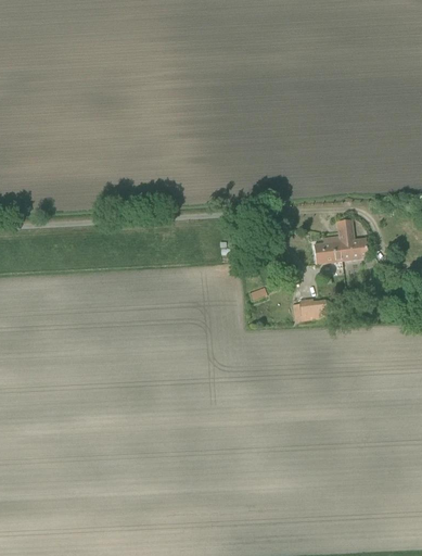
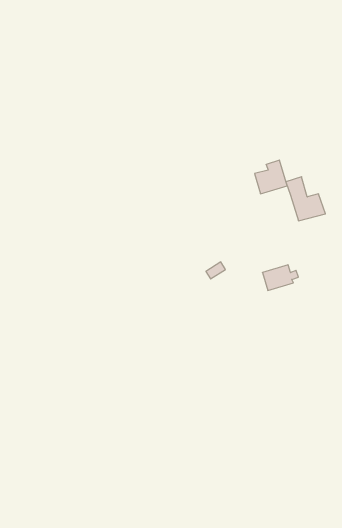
building: [315,236,343,264] -> [255,160,287,194]

